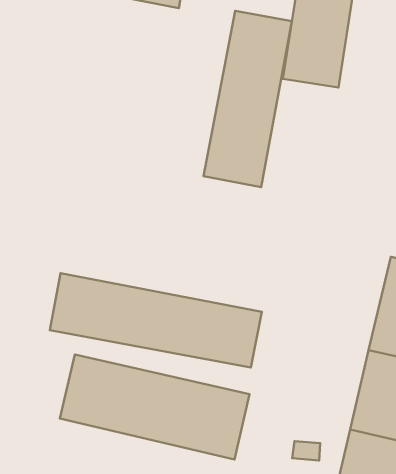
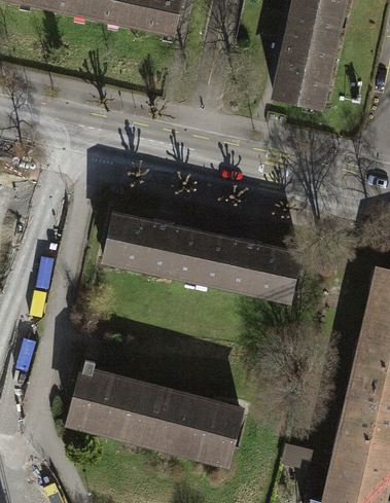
building: [204,11,292,187] -> none
building: [50,273,262,368] -> [97,210,300,300]

